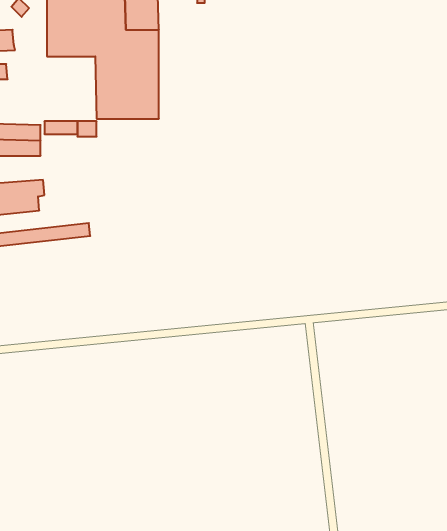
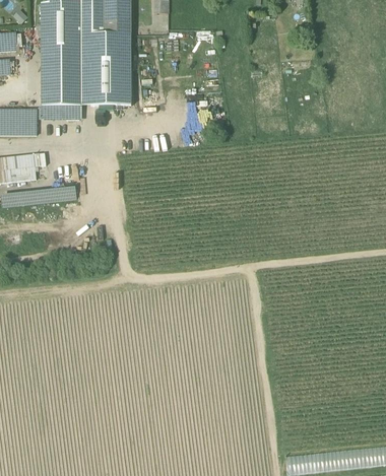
building: none -> [41,55,80,105]

